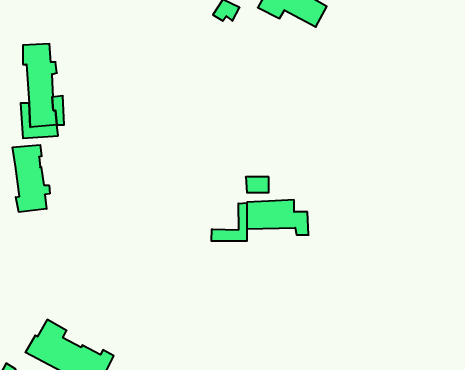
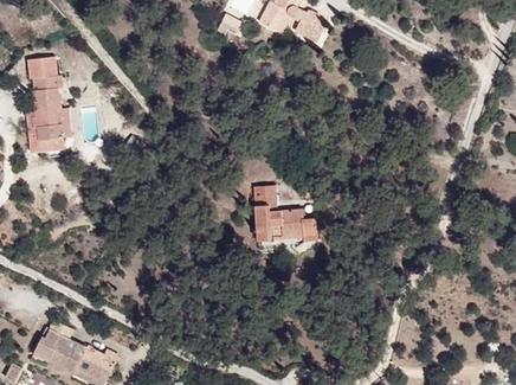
building: [13,145,50,212] -> none
building: [211,203,247,241] -> none

